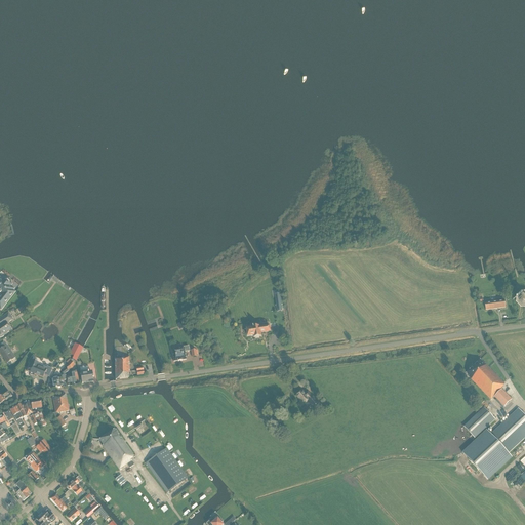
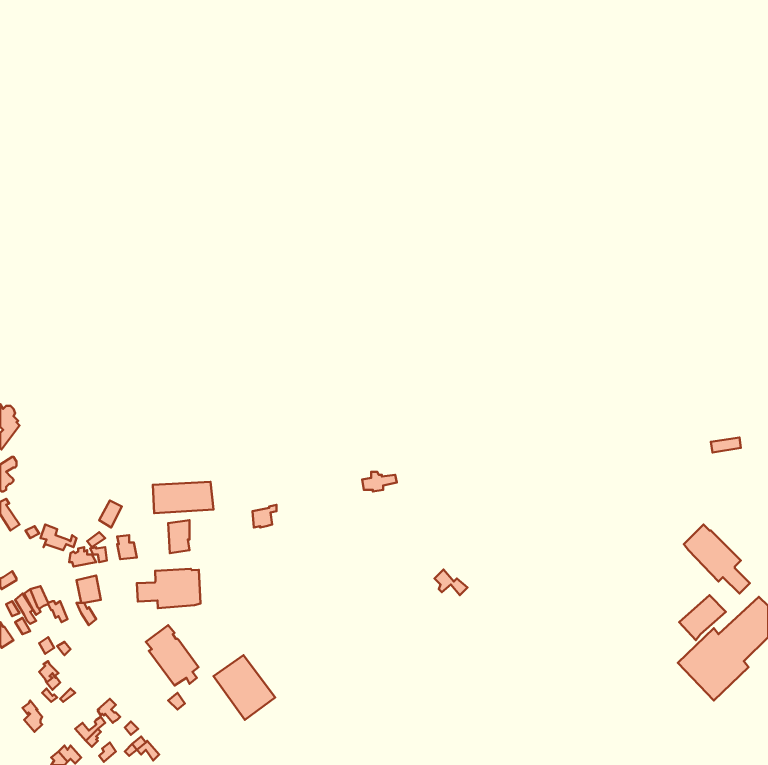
building: none -> [153,482,213,513]
building: none -> [137,569,201,608]

